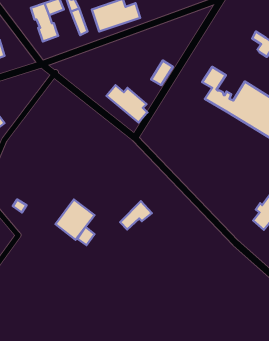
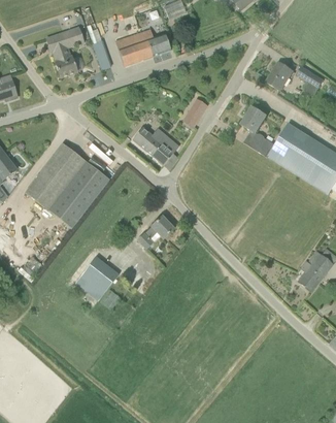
building: none -> [266,61,293,91]
building: none -> [25,143,109,228]
building: [120,201,152,229] -> [138,216,174,248]

